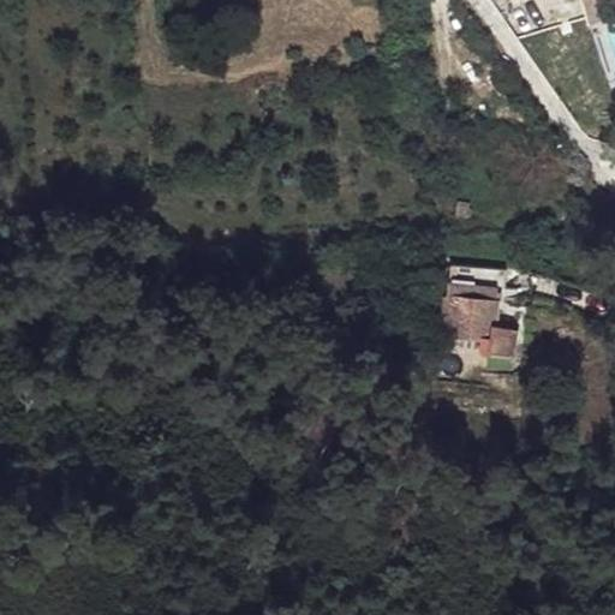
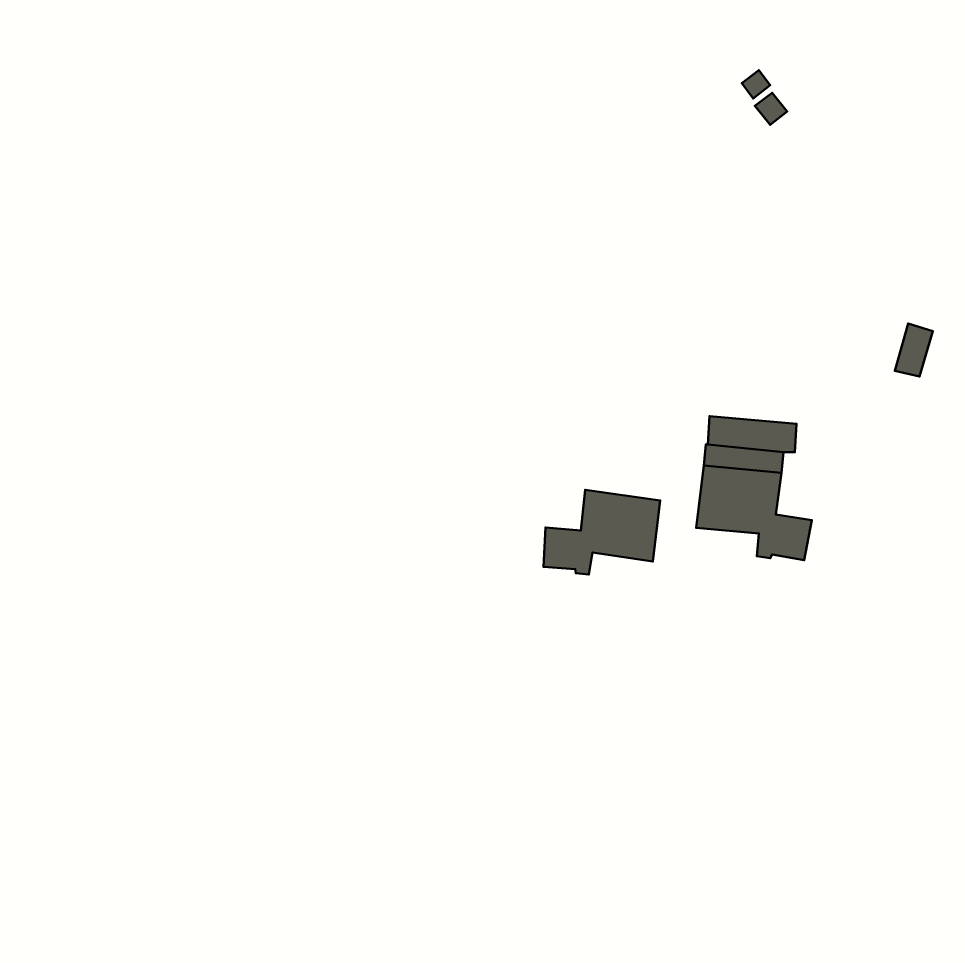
building: none -> [543,490,660,574]

